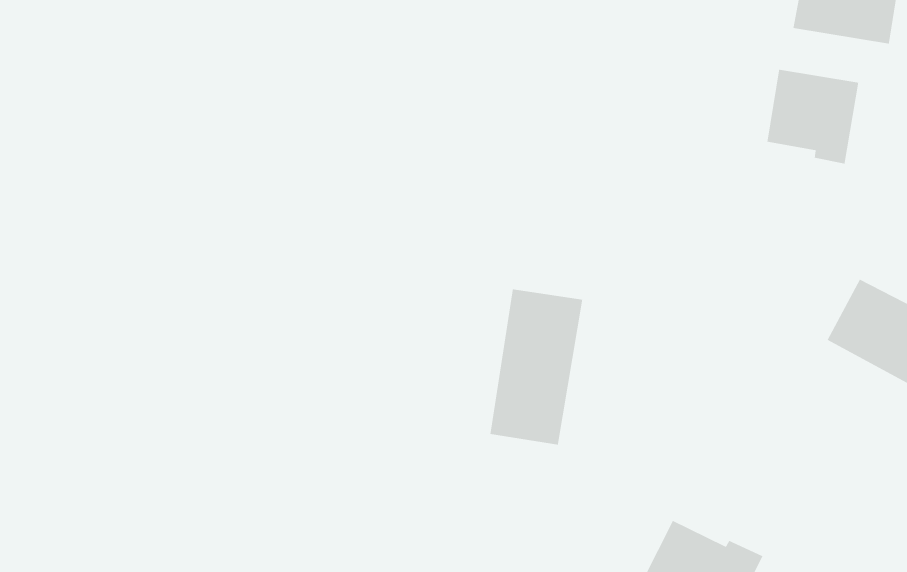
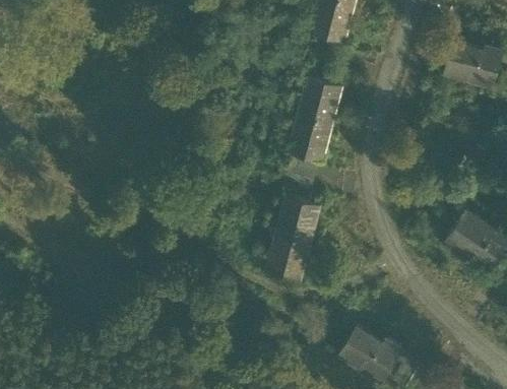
building: none -> [288,77,343,163]
building: [766,69,859,165] -> none

